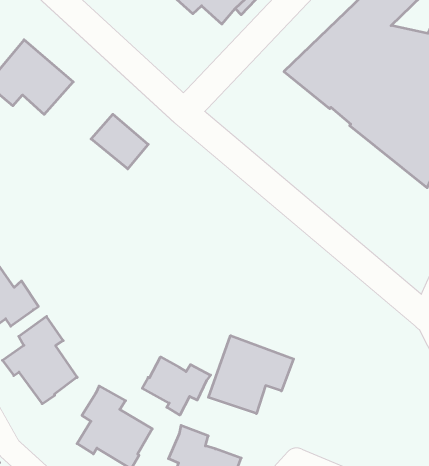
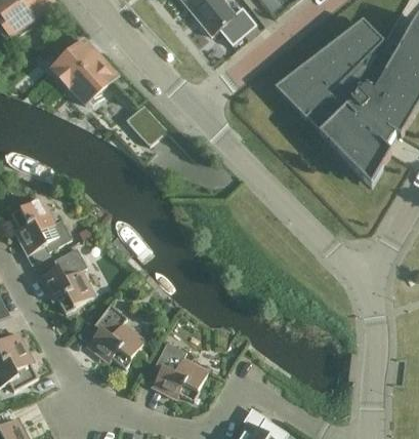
building: [208,336,294,414] -> none
building: [142,357,211,415] -> none

